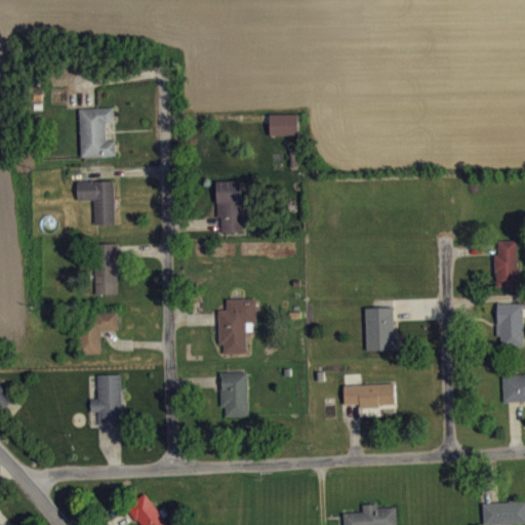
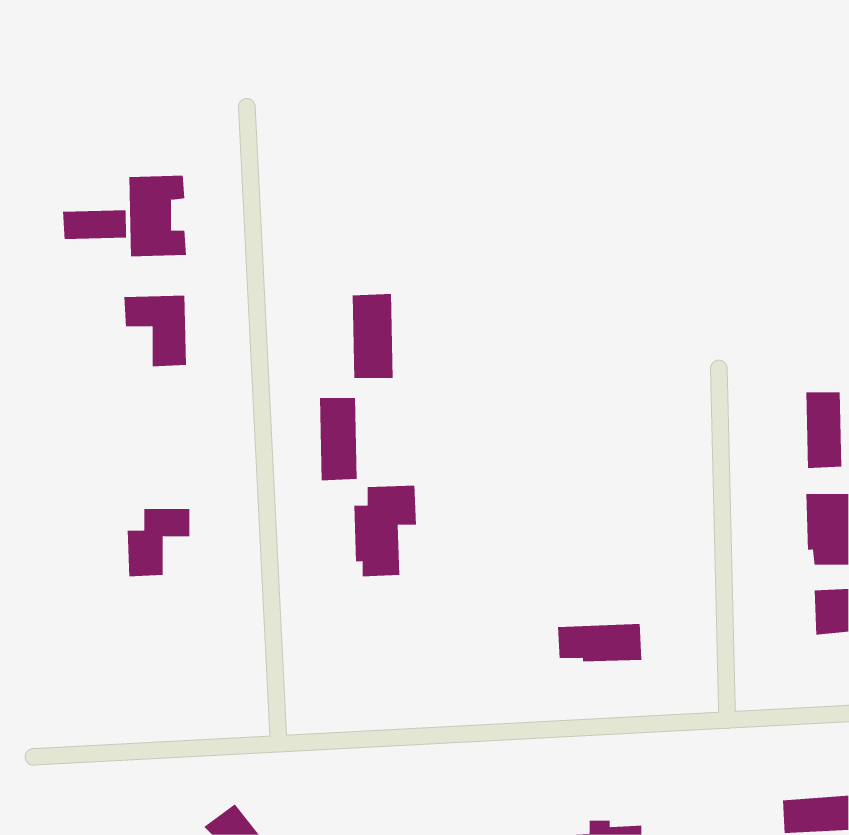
building: [269,115,297,136] -> none
building: none -> [63,209,126,240]
building: [94,244,118,295] -> [319,398,357,481]
building: [365,308,394,352] -> none
building: [219,372,247,417] -> none
building: [90,375,121,426] -> none

